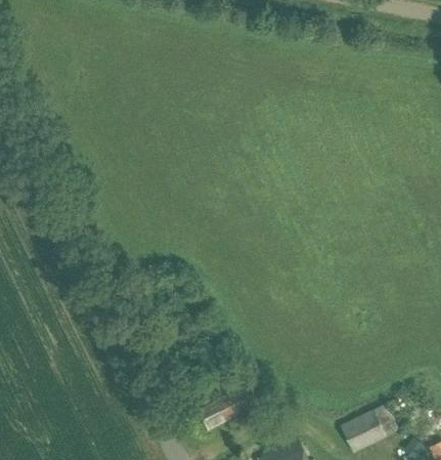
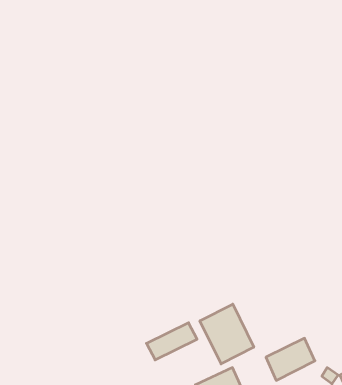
building: none -> [200,304,254,364]

